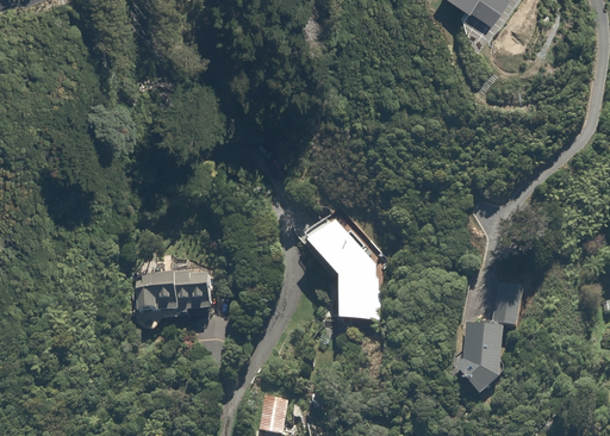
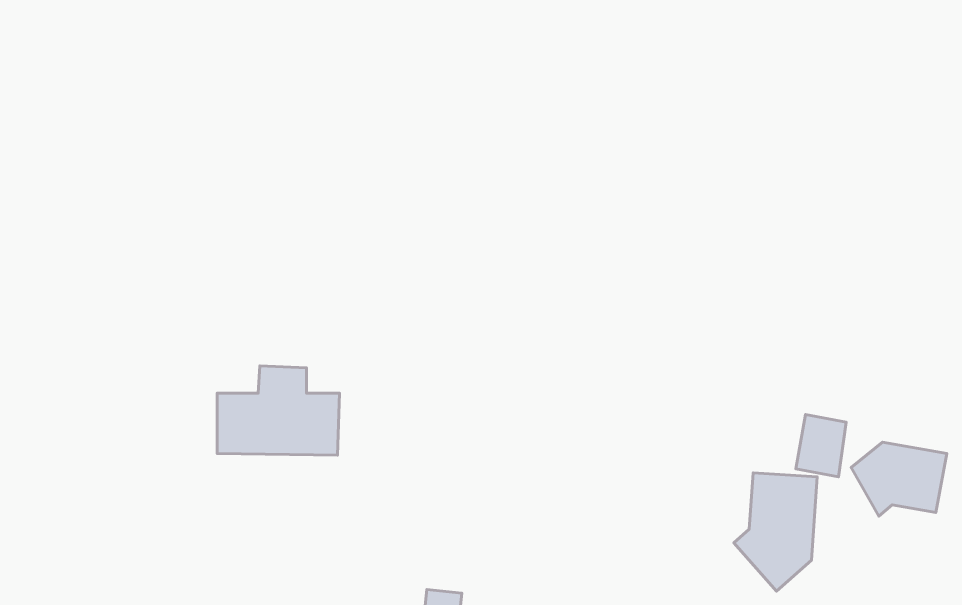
building: [301,217,379,320] -> none
building: none -> [851,442,947,516]

